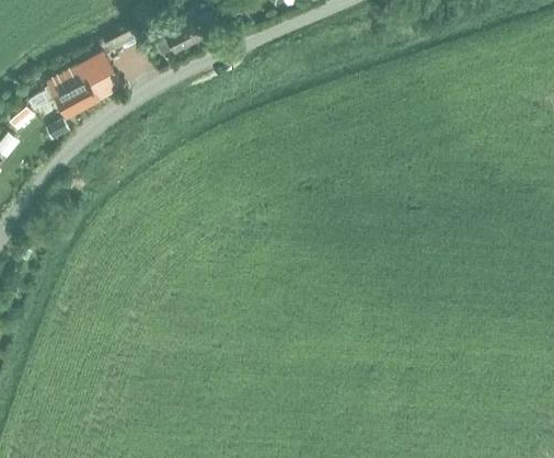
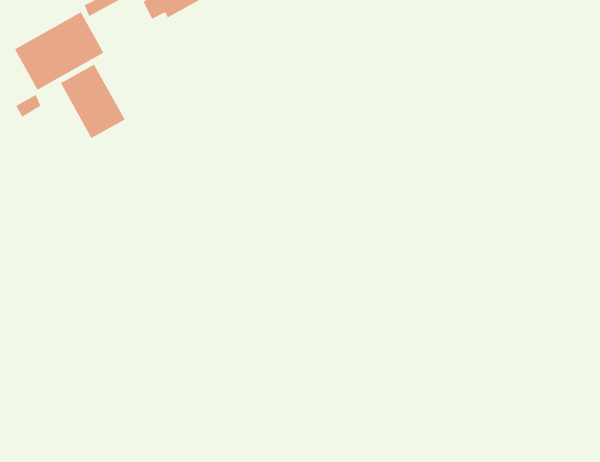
building: none -> [60,64,125,139]

